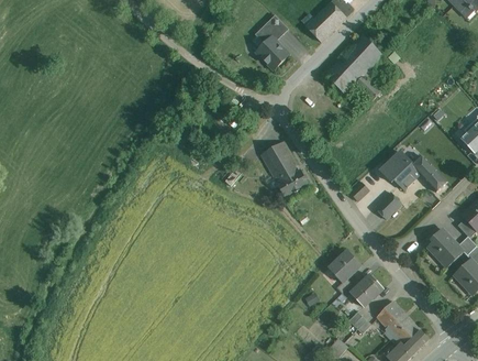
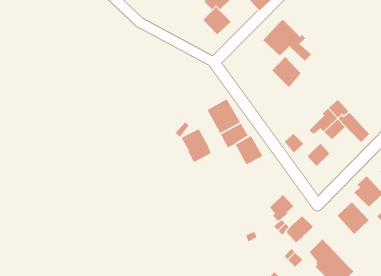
building: [347,34,381,70] -> [272,56,301,88]
building: none -> [181,128,212,163]
building: none -> [235,135,263,166]
building: none -> [337,201,370,235]

